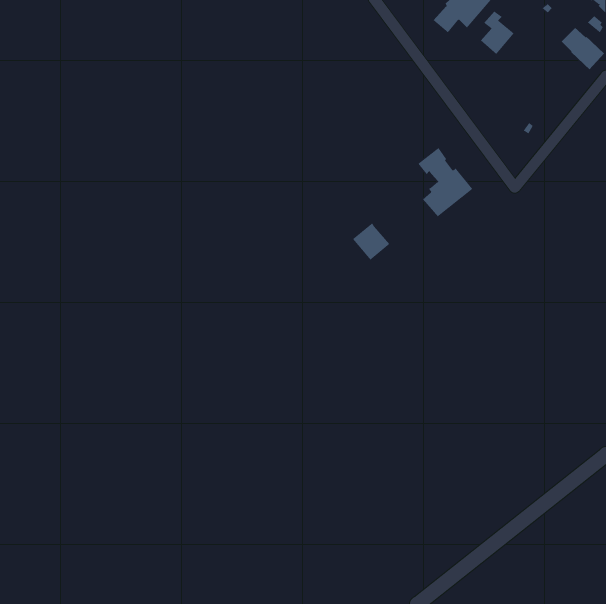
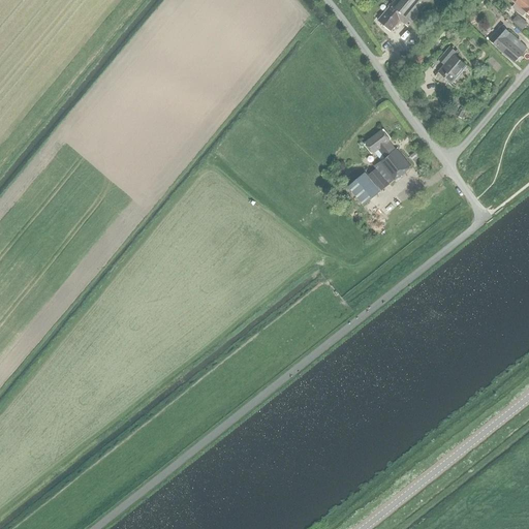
building: [480,11,514,55] -> [438,44,468,83]
building: [352,223,390,261] -> [347,172,380,205]

